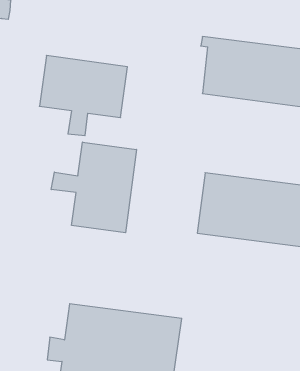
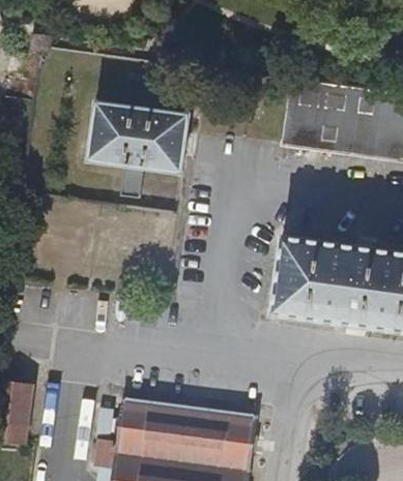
building: [51,142,136,233] -> none

